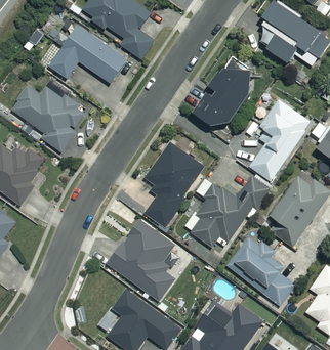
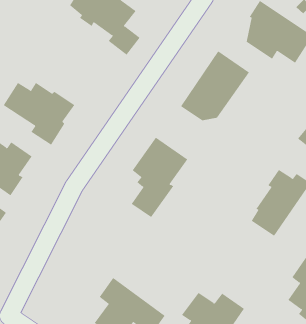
building: [50,26,127,84] -> none
building: [250,100,313,182] -> none
building: [184,176,271,247] -> none
building: [108,220,175,301] -> none
building: [228,238,296,306] -> none

